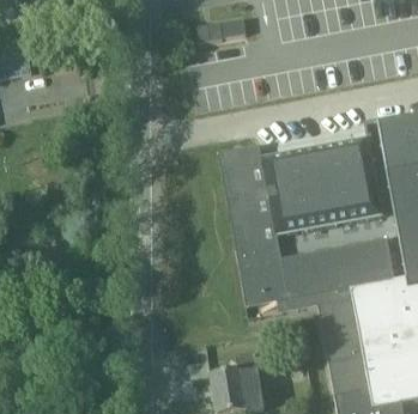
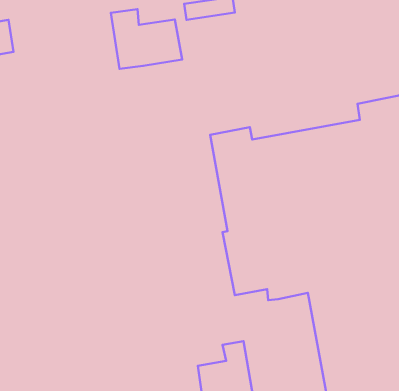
building: none -> [111,9,182,69]

